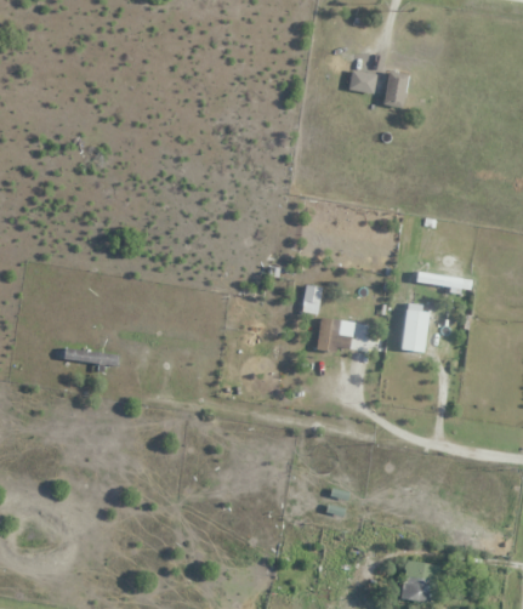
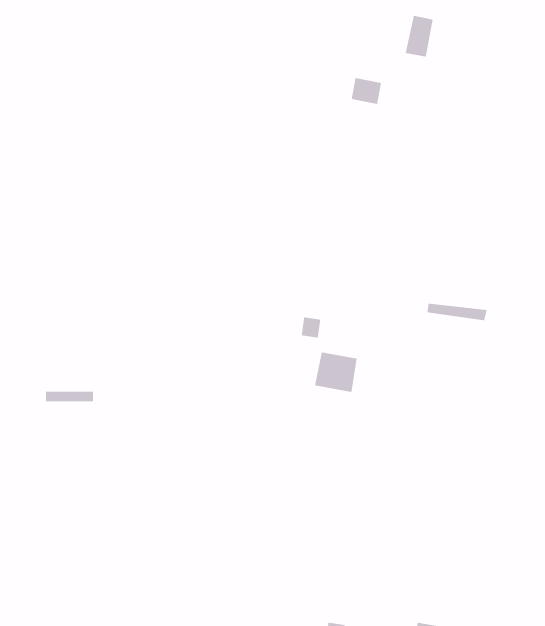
building: [382,72,408,109] -> [405,15,433,57]
building: [400,309,430,353] -> none

